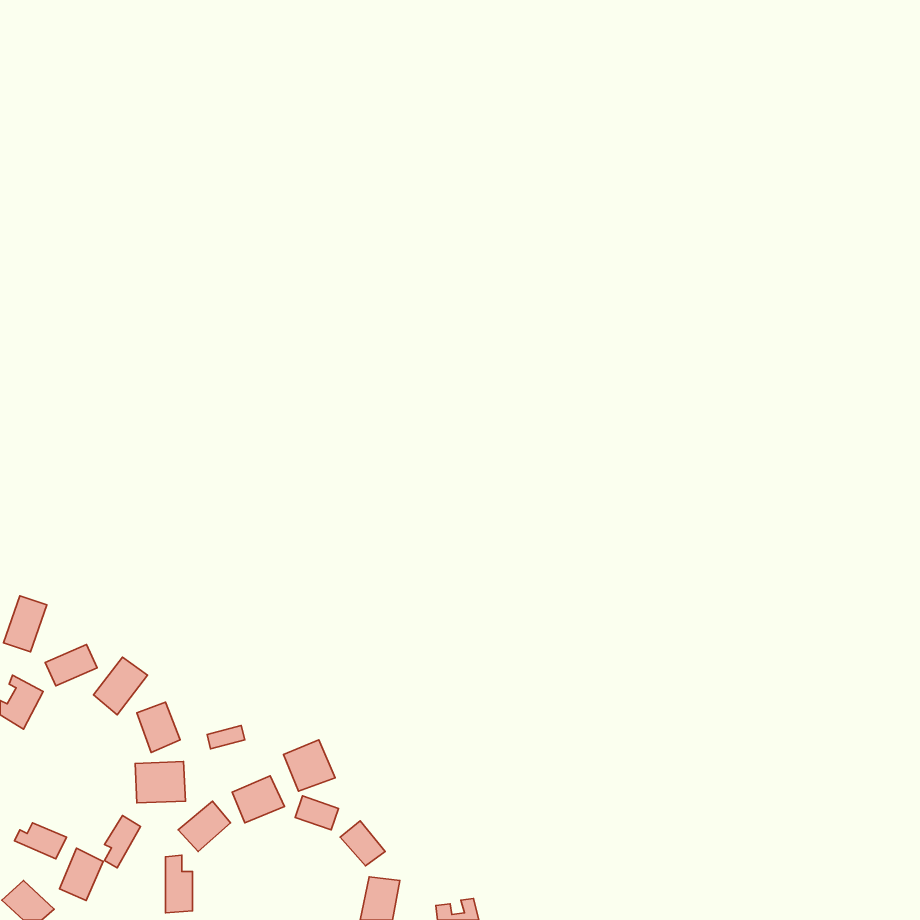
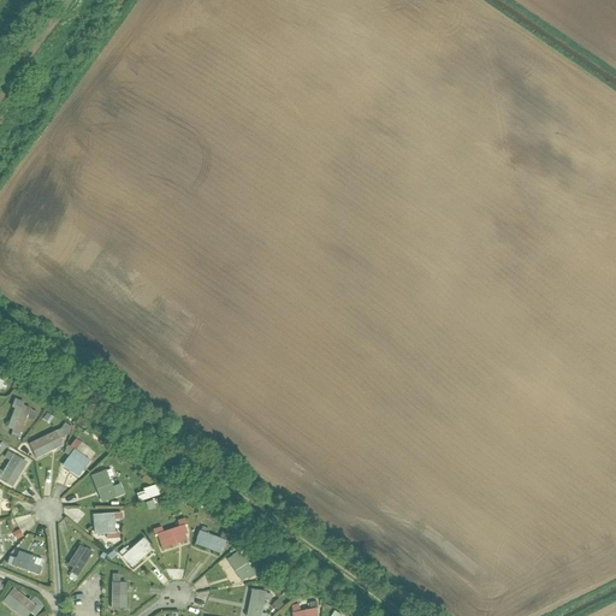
building: [284,740,335,791] -> none
building: [59,848,103,900] -> none

